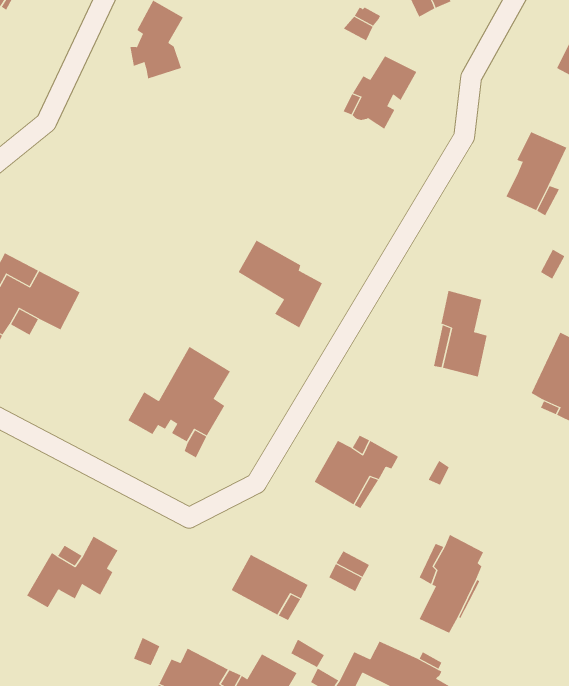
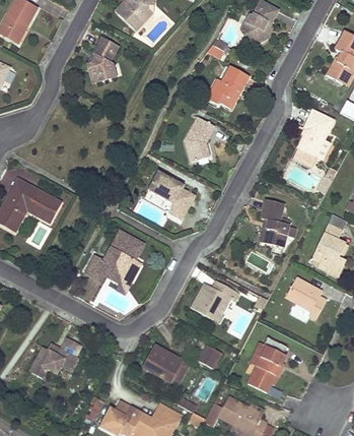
building: none -> [184,116,213,161]
building: none -> [286,276,327,318]

